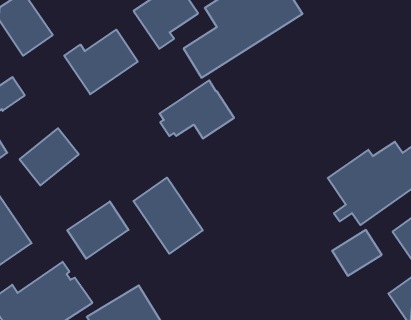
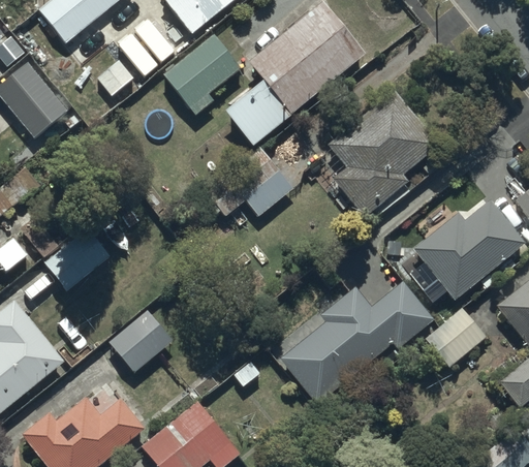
building: [64,30,138,94] -> none
building: none -> [325,86,440,221]
building: [133,178,203,254] -> none
building: none -> [279,282,433,405]

